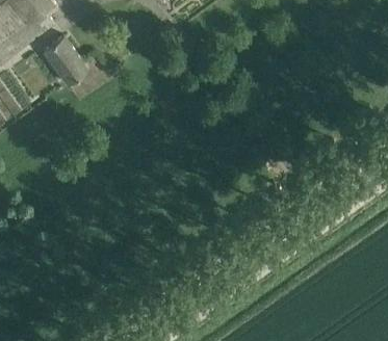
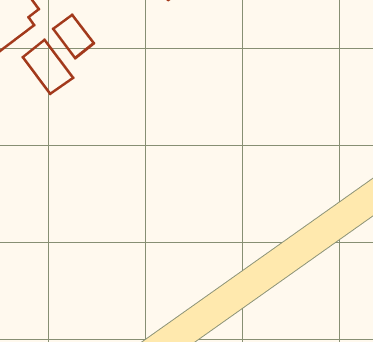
building: none -> [53,15,94,58]

